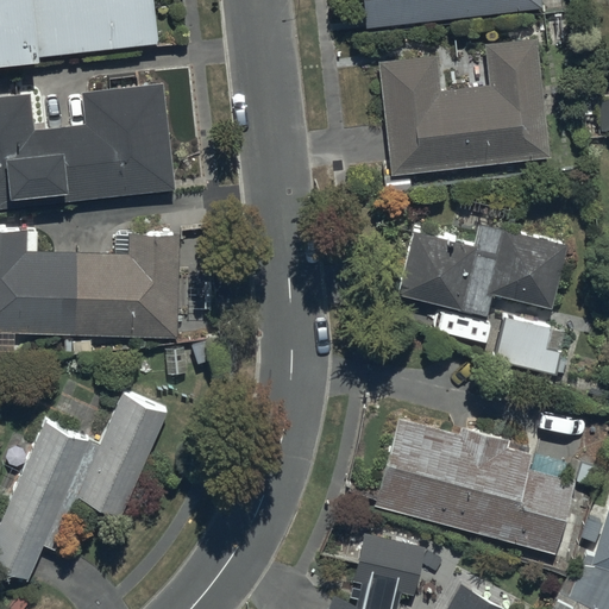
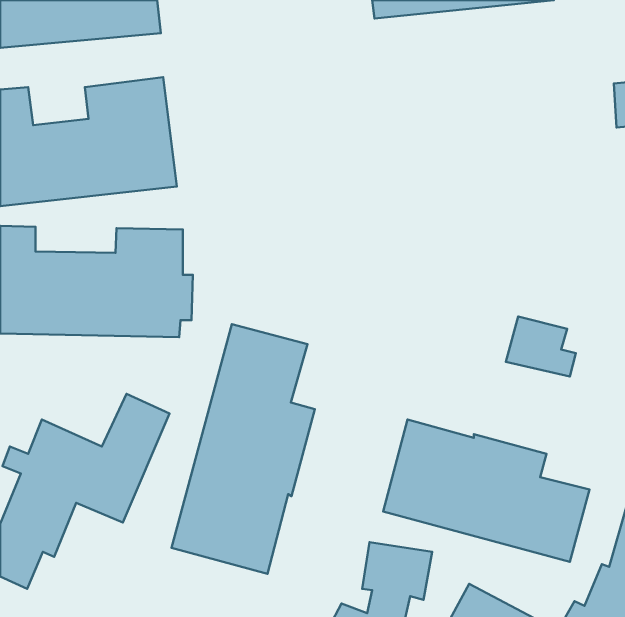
building: [378,39,548,172] -> none
building: [395,222,565,316] -> none
building: none -> [172,324,315,574]

